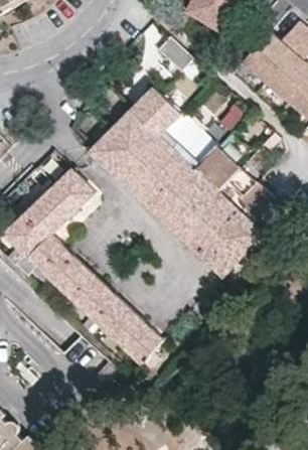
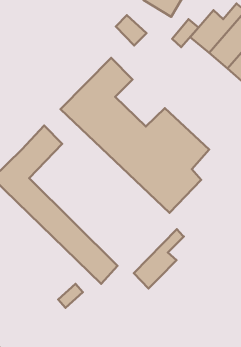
building: [154,113,214,170] -> none
building: none -> [134,229,184,288]

